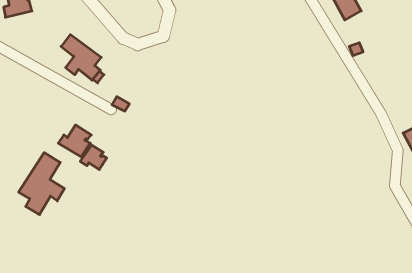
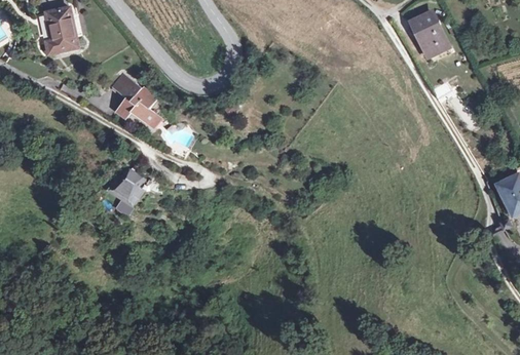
building: [80,145,107,170] -> none
building: [19,153,64,215] -> none

